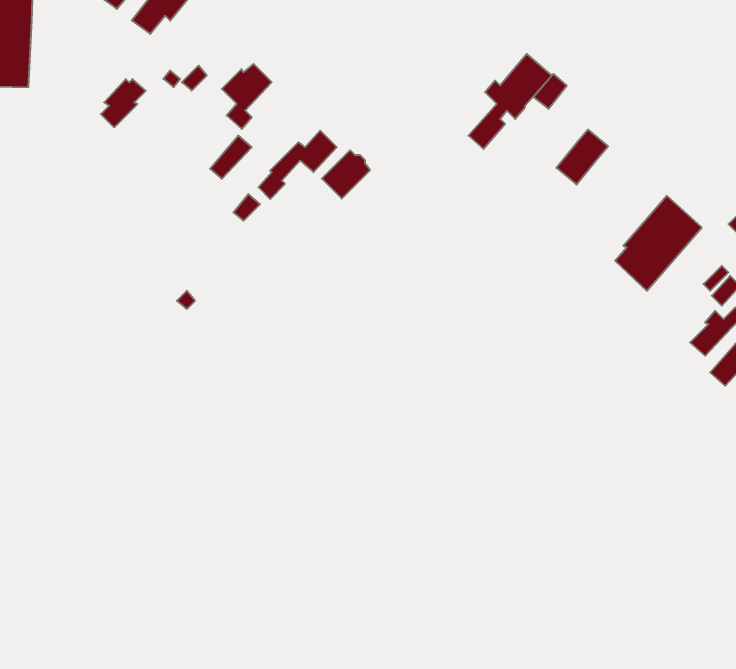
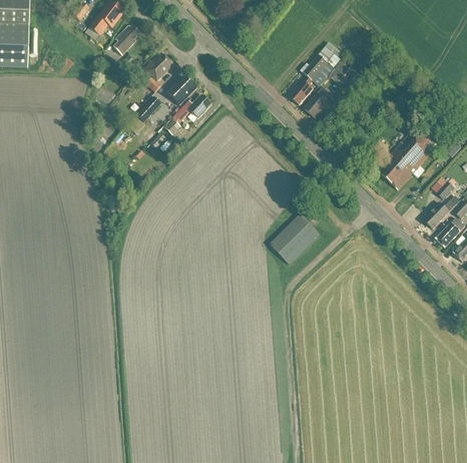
building: [101,79,146,127] -> [114,25,141,54]
building: [556,130,608,185] -> [305,85,336,118]
building: [322,150,370,199] -> [167,75,196,104]
building: none -> [271,213,321,264]

